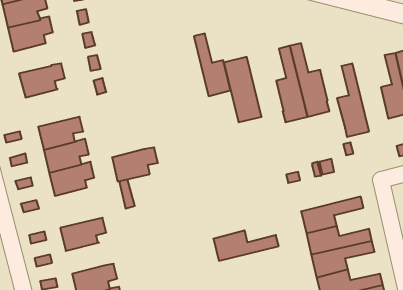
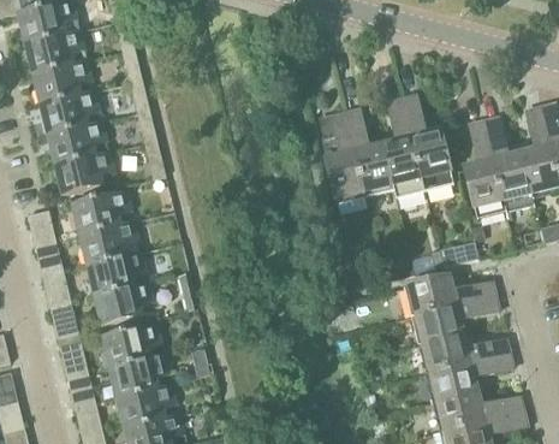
building: [194,34,231,96] -> [345,108,393,190]
building: none -> [40,89,99,134]
building: none -> [483,117,534,209]
building: none -> [55,150,114,195]
building: [112,147,158,181] -> [94,280,154,325]
building: [213,230,279,261] -> [409,274,494,314]
building: none -> [108,351,168,396]

